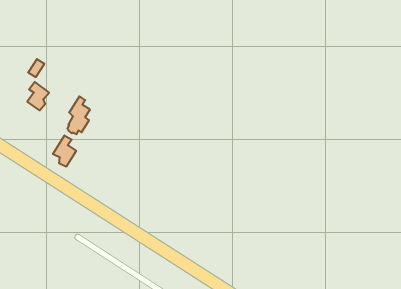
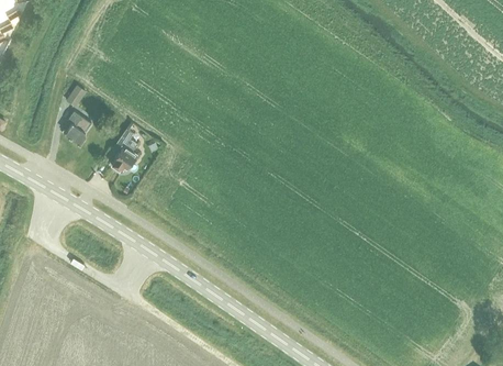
building: [53,135,76,167] -> none

